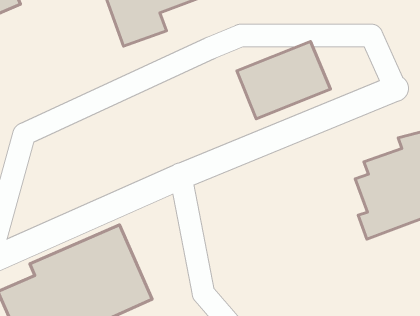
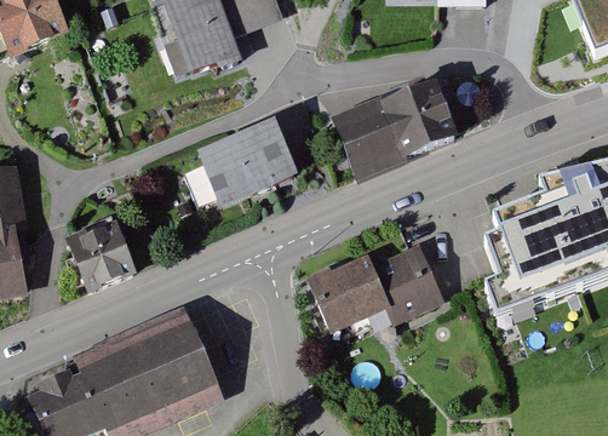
building: none -> [197,125,297,208]
building: none -> [80,223,133,279]
building: none -> [309,245,444,327]

